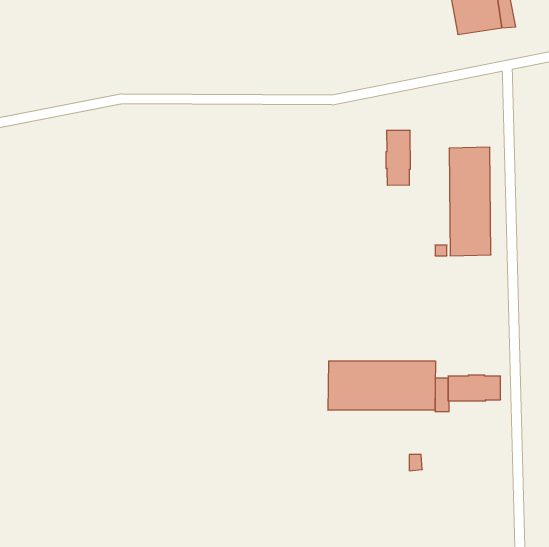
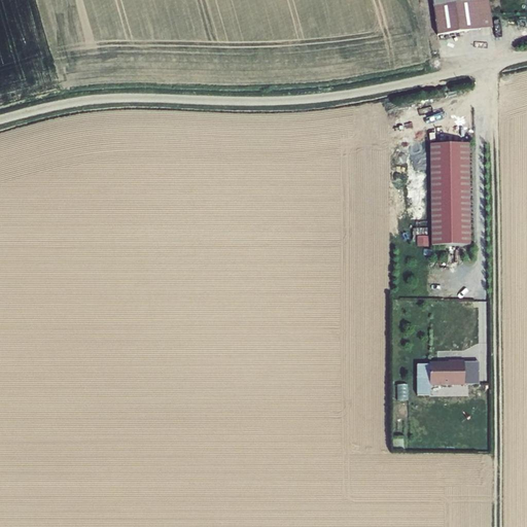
building: [386,130,410,185] -> none
building: [328,361,435,410] -> none

